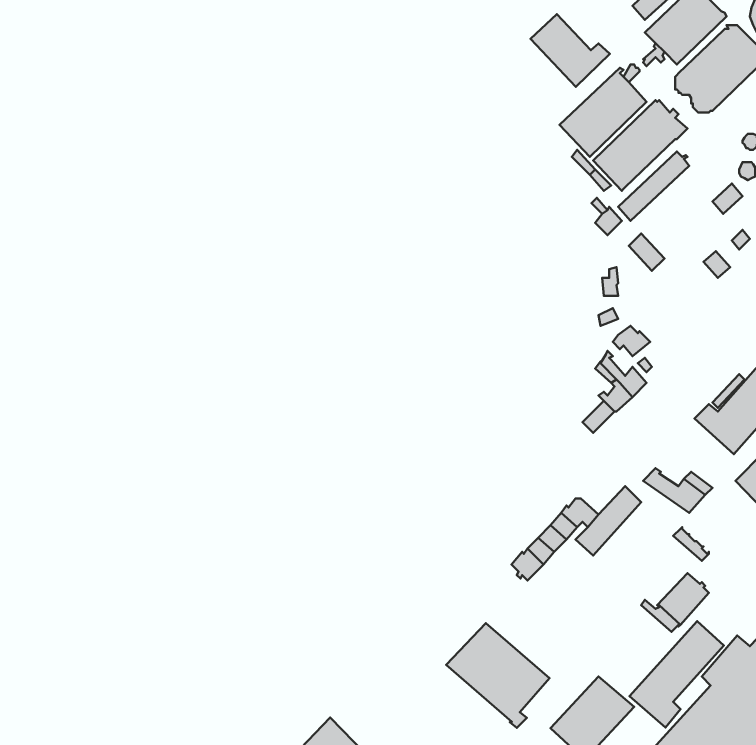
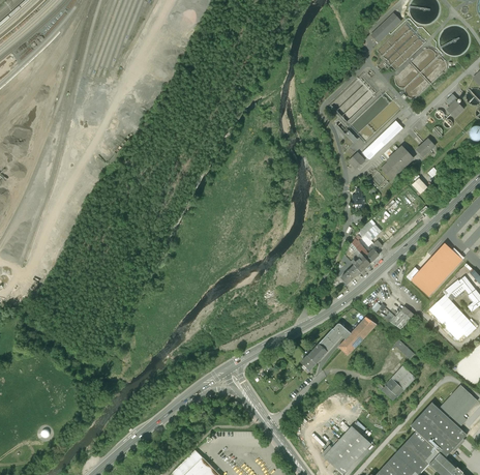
building: [530,14,610,87] -> none
building: none -> [382,148,413,179]
building: [630,621,724,728] -> none
building: [446,623,549,728] -> none

